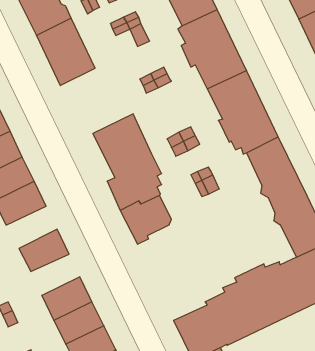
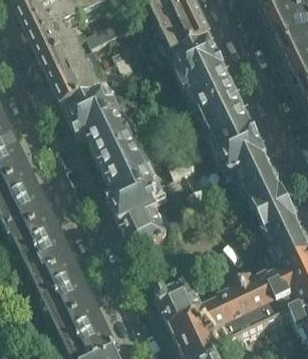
building: none -> [64,89,131,150]
building: none -> [15,218,61,257]
building: none -> [37,262,82,300]
building: none -> [152,278,202,323]

